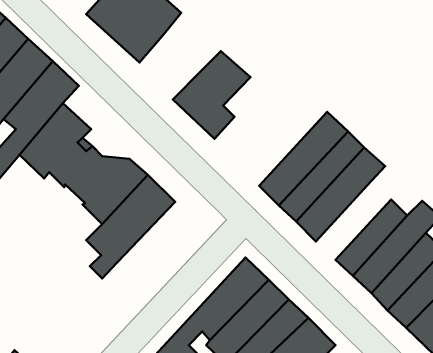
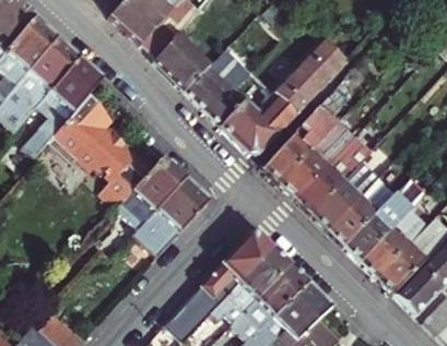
building: none -> [155,32,213,90]
building: none -> [224,37,350,152]
building: none -> [314,162,380,231]
building: none -> [138,180,210,254]

